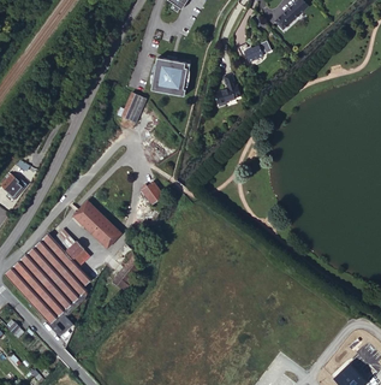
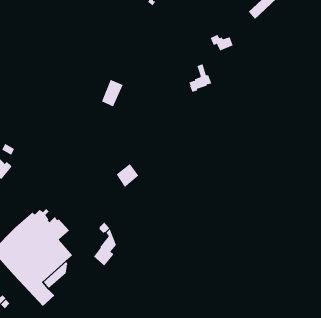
building: [150,57,187,95] -> none
building: [72,201,120,249] -> none

